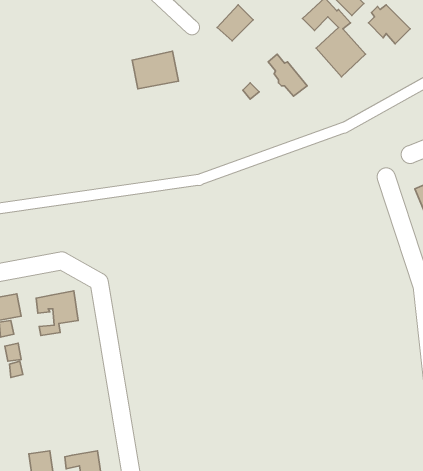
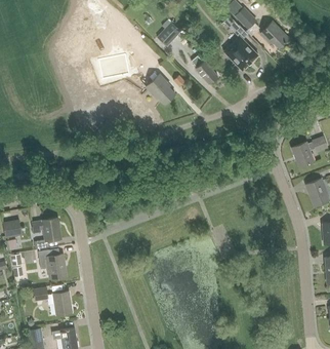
building: none -> [145,74,174,104]
building: none -> [38,249,67,278]
building: none -> [32,286,72,314]

